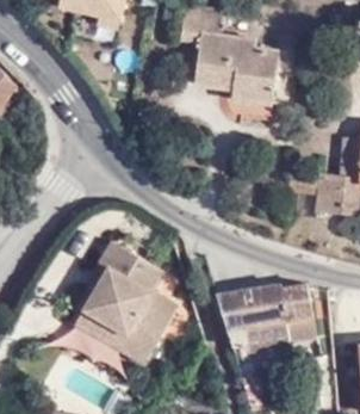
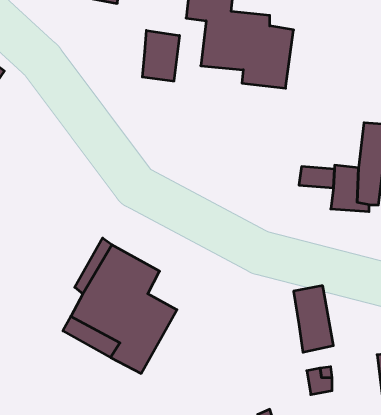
building: none -> [142,30,179,81]
building: [215,285,285,348] -> none

